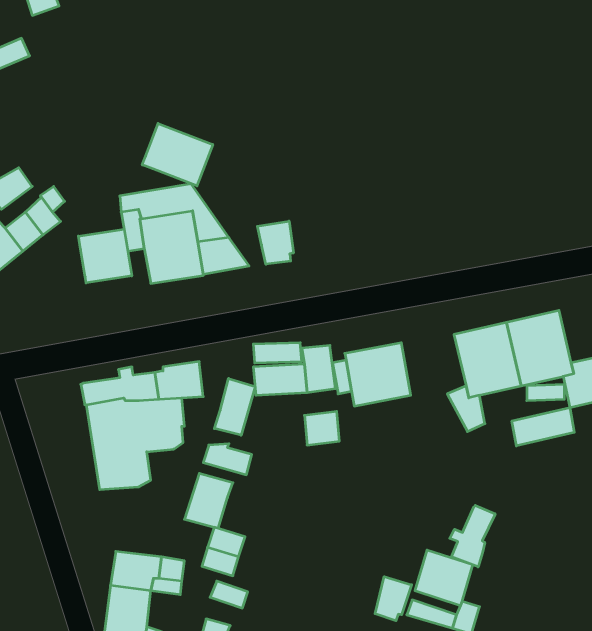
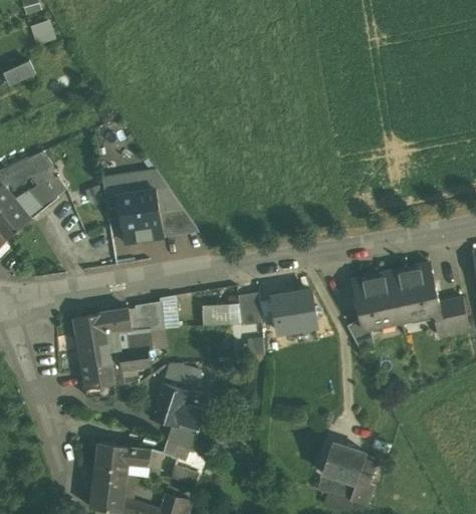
building: [142,123,213,186] -> none
building: [257,221,293,264] -> none
building: [78,229,132,283] -> none
building: [214,378,255,435] -> none
building: [512,407,574,446] -> none
building: none -> [176,403,206,433]
building: [450,505,495,567] -> none
building: [375,577,412,621] -> none

